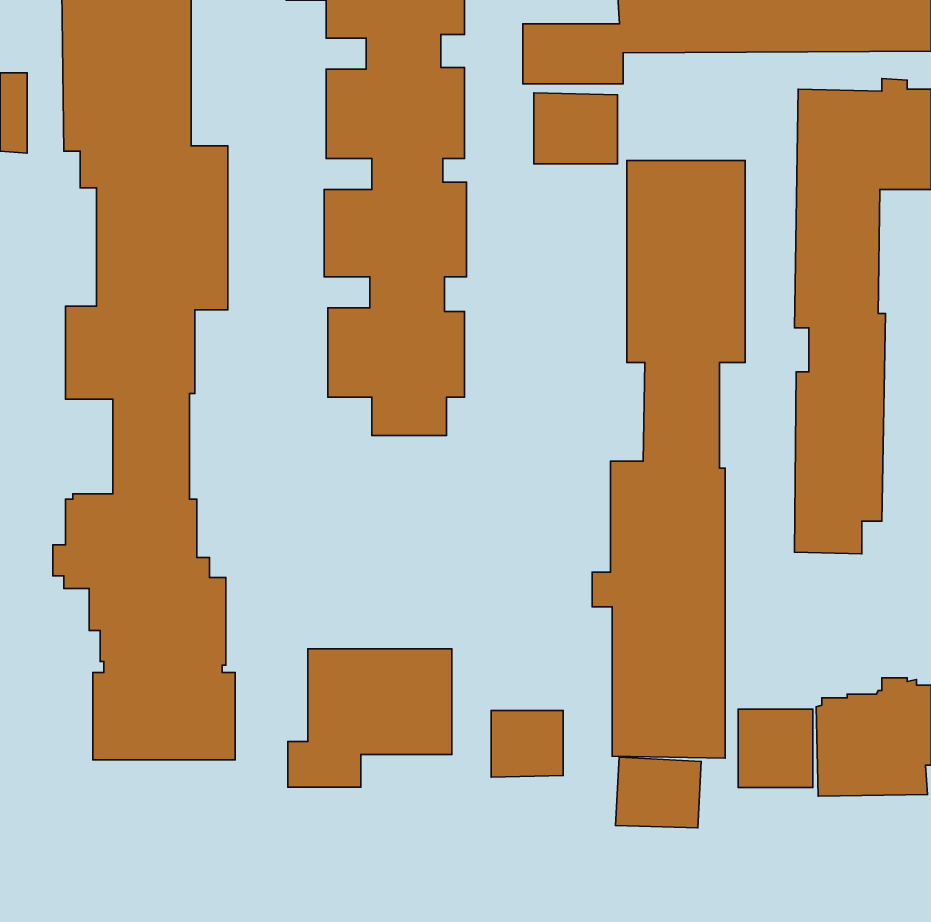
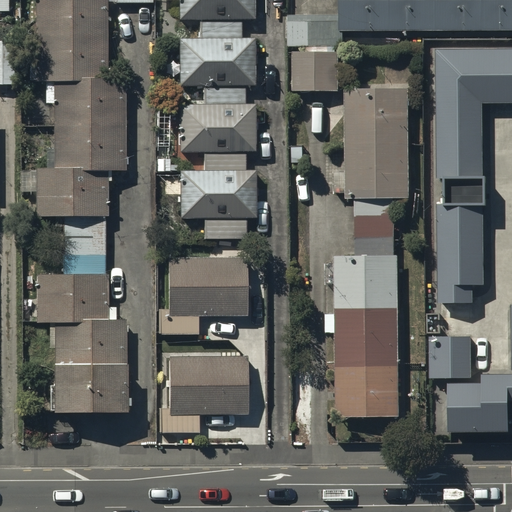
building: none -> [157,256,248,334]
building: [738,709,813,787] -> [430,335,471,378]
building: [491,711,563,777] -> none
building: [616,757,701,828] -> none

